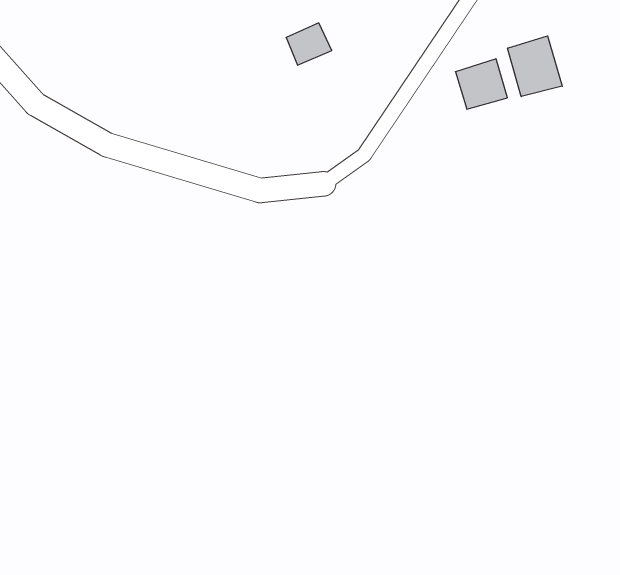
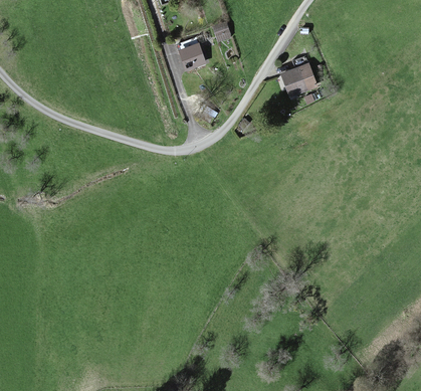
building: [508,36,562,97] -> none

